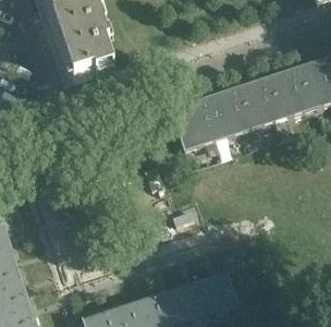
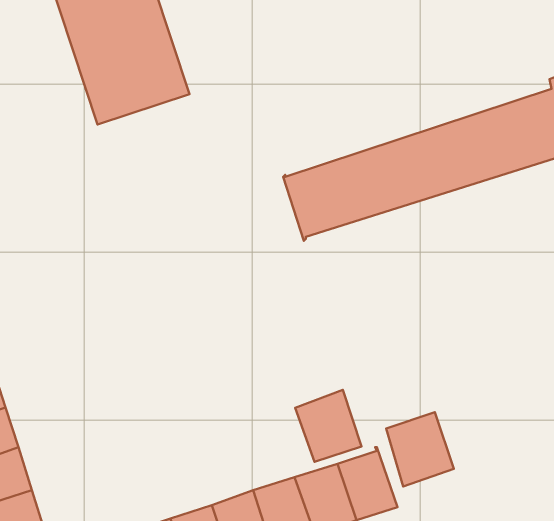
building: none -> [295,390,362,462]
building: none -> [386,412,454,487]

